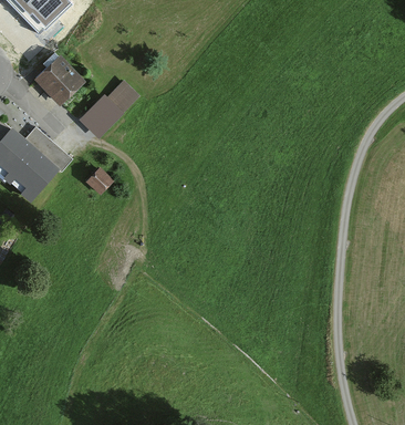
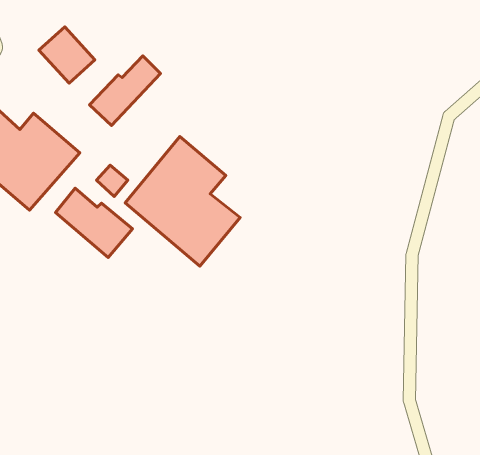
building: none -> [125,136,240,266]
building: none -> [55,188,132,257]

